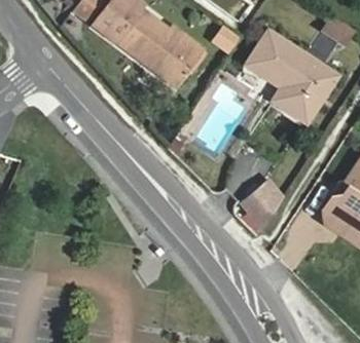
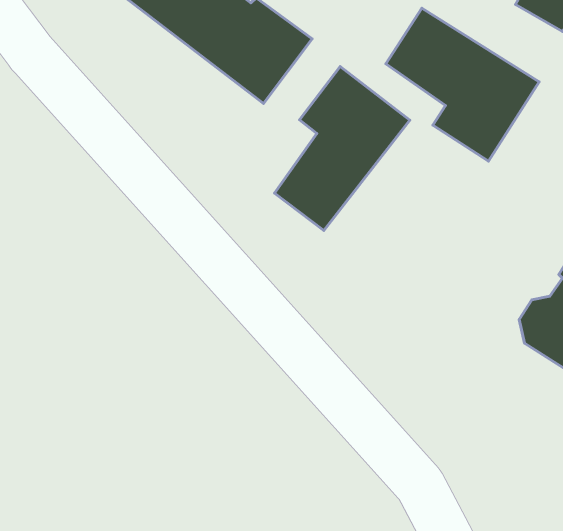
building: none -> [274,67,410,231]
building: [238,176,289,225] -> none

